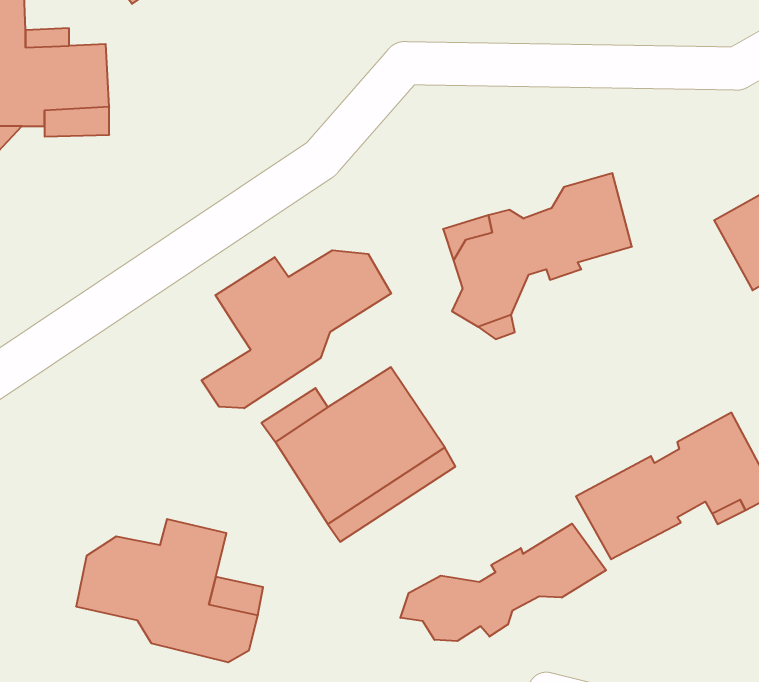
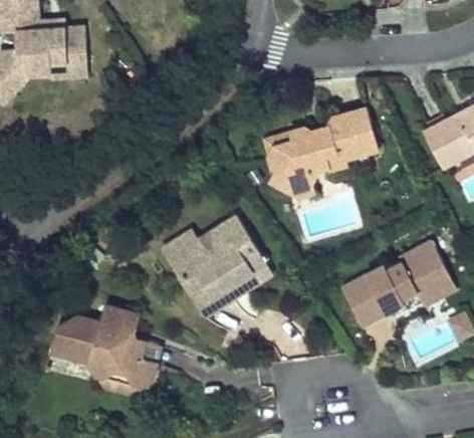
building: [202,250,391,408] -> none
building: [400,524,606,641] -> none

